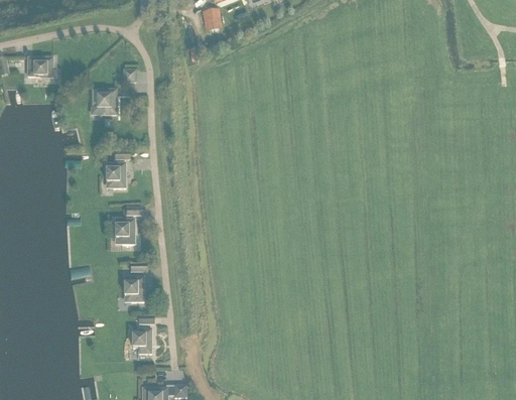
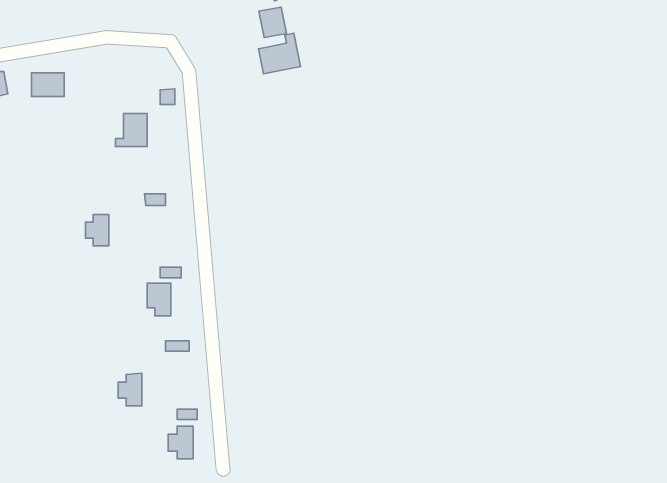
building: none -> [259,33,300,74]
building: [107,163,125,187] -> [85,214,109,246]
building: [125,276,143,301] -> [118,373,142,406]

